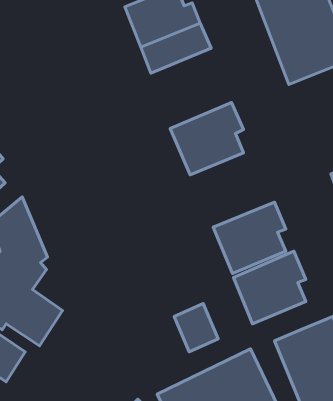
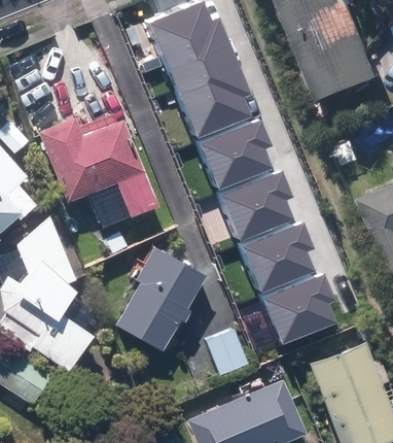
building: none -> [179,66,254,141]
building: none -> [36,114,156,226]
building: none -> [221,173,295,247]
building: none -> [112,247,203,351]

